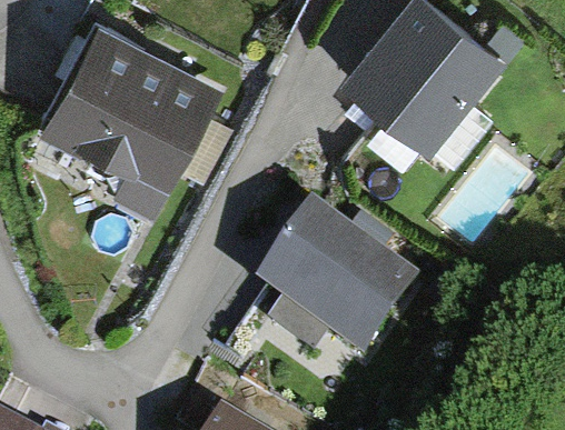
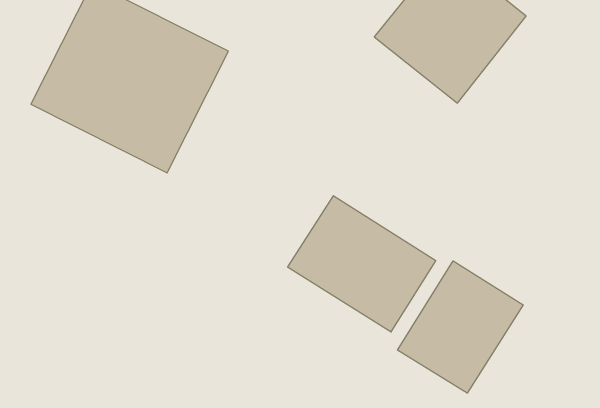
building: none -> [398,261,523,393]

